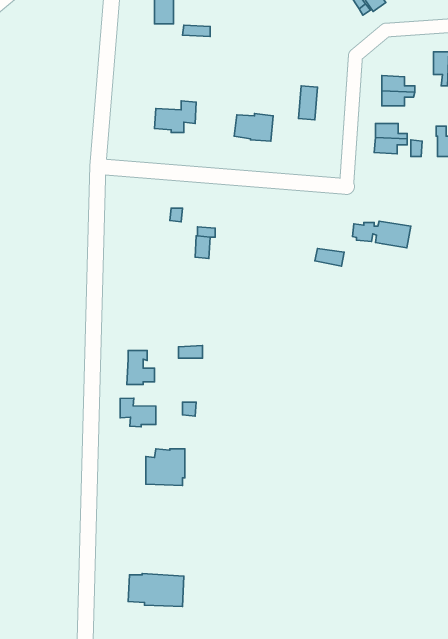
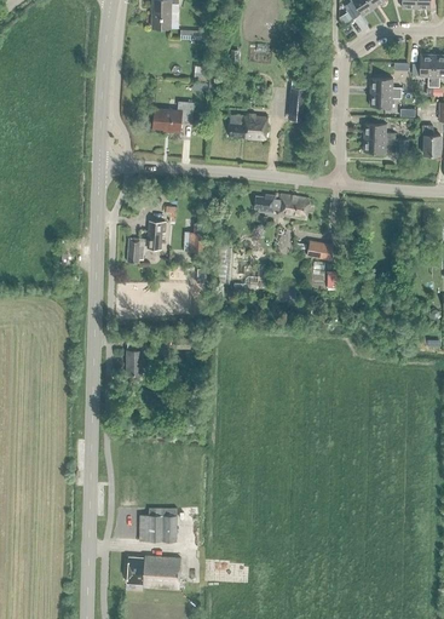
building: [353,221,411,248] -> [254,193,310,218]
building: none -> [127,220,166,262]
building: [120,398,156,427] -> none
building: [146,449,185,485] -> [139,506,177,541]

